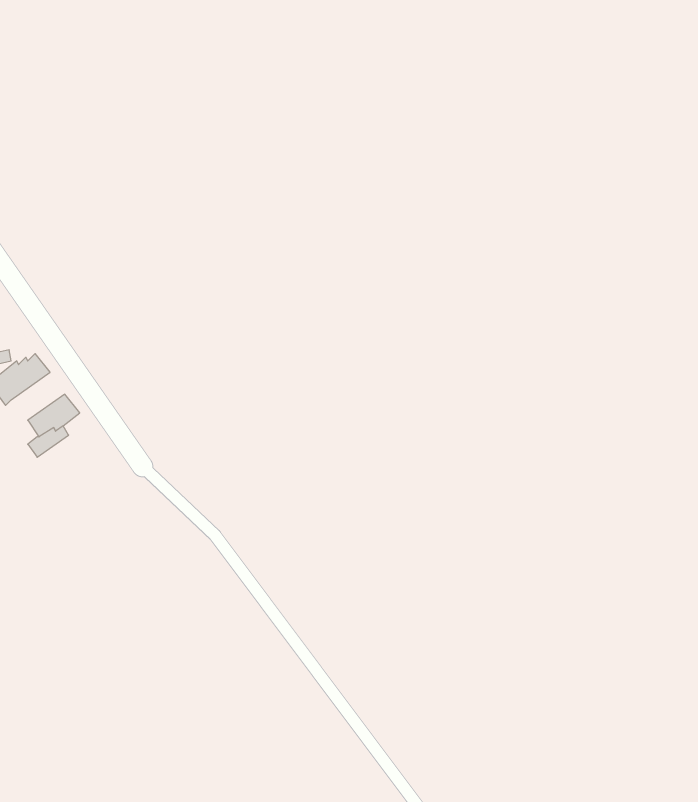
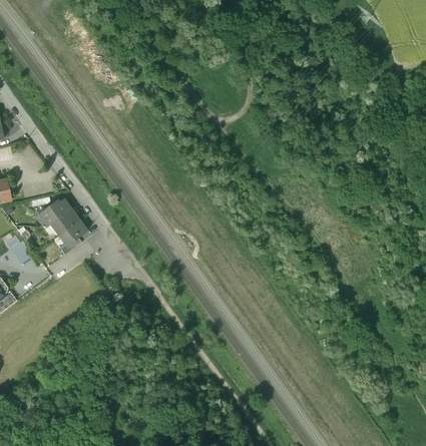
building: none -> [50,208,79,235]

